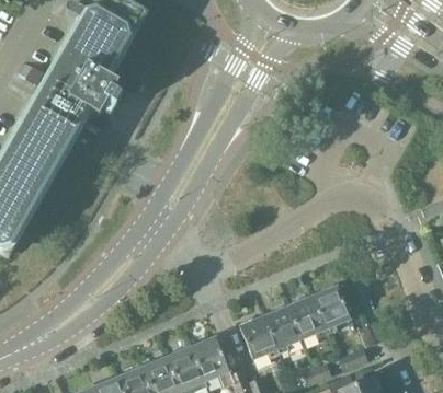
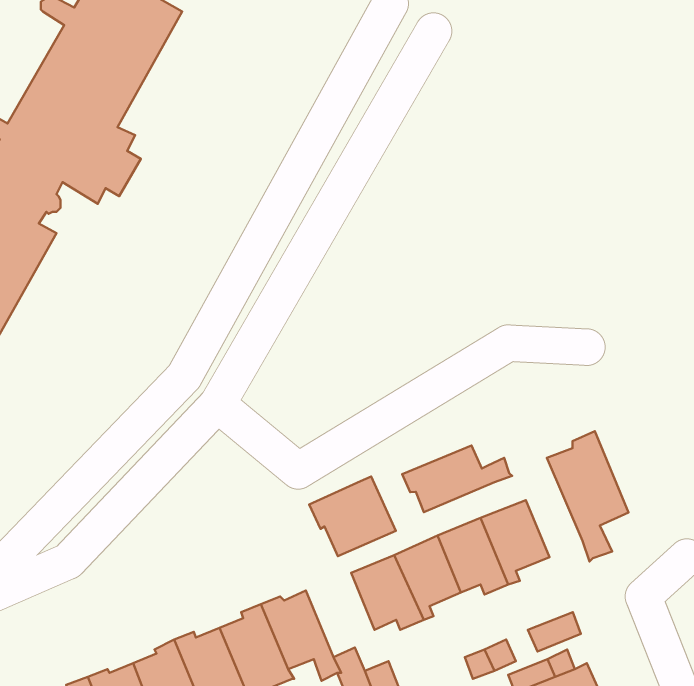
building: none -> [547,431,629,561]
building: none -> [402,445,512,512]
building: none -> [309,477,396,556]

